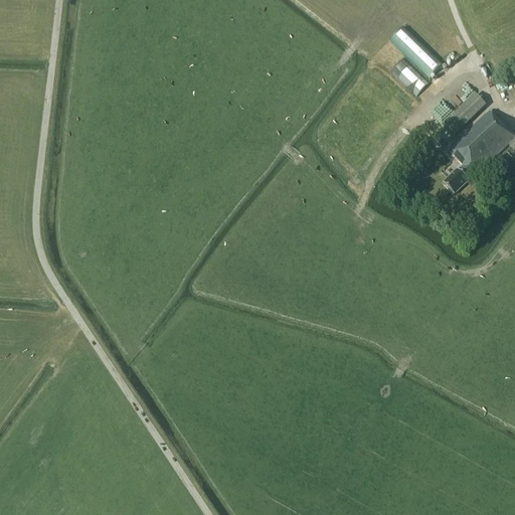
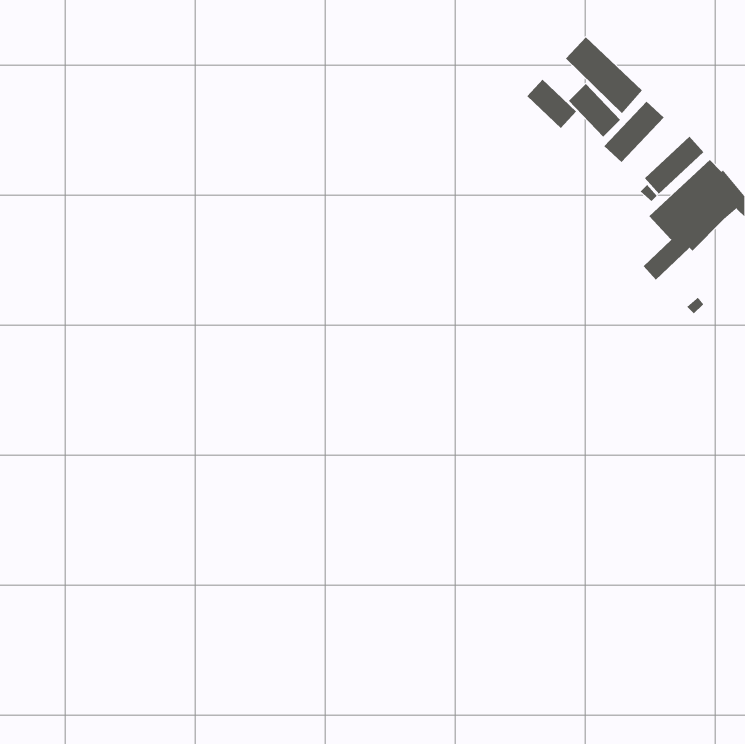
building: none -> [526,79,577,129]
building: none -> [603,101,665,163]

